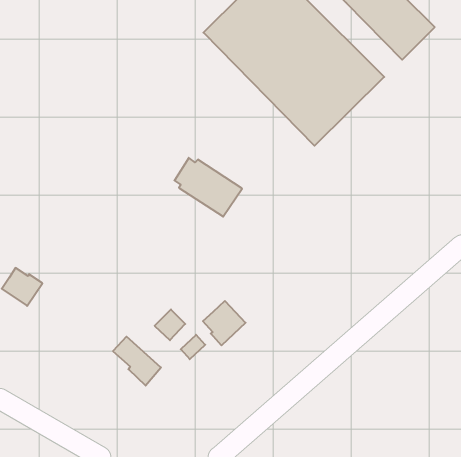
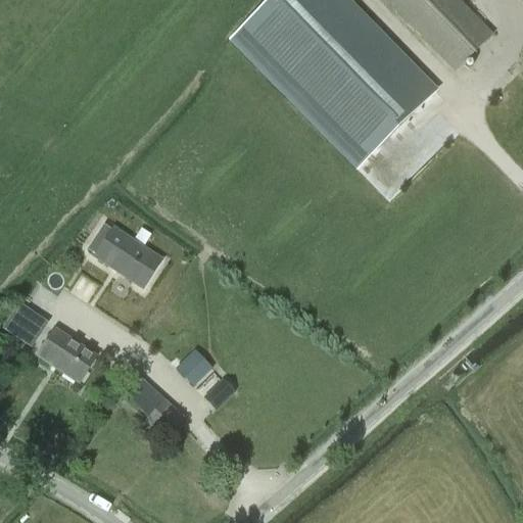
building: [174,158,242,217] -> [87,221,163,287]
building: none -> [38,325,97,379]
building: [203,301,246,345] -> none

